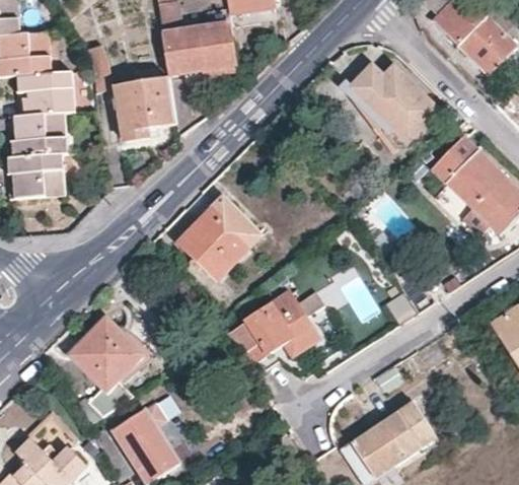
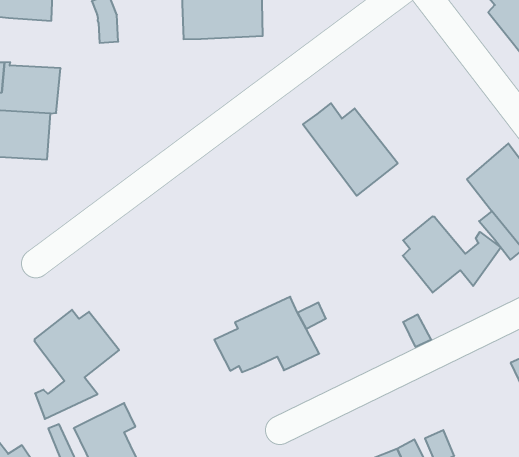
building: [349,64,436,142] -> [303,103,398,196]
building: [14,71,74,117] -> none
building: [116,75,177,142] -> none
building: [179,198,261,279] -> none
building: none -> [403,216,501,293]

